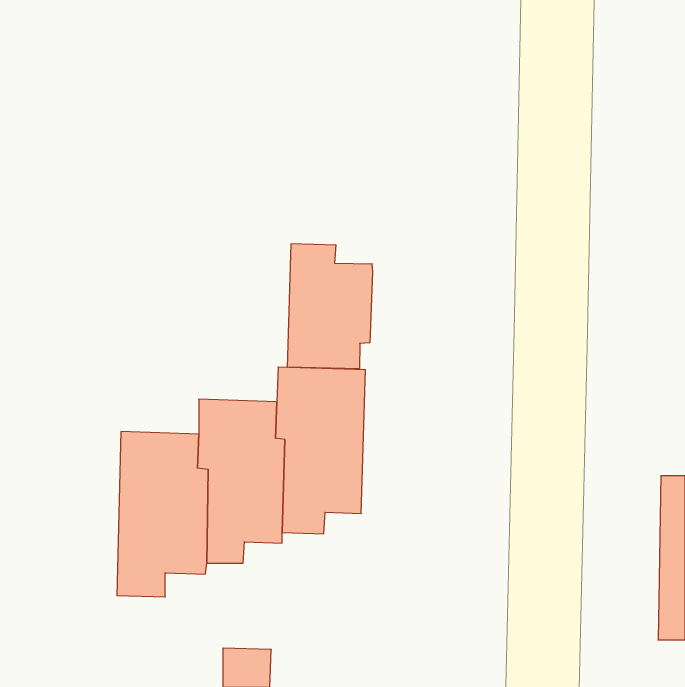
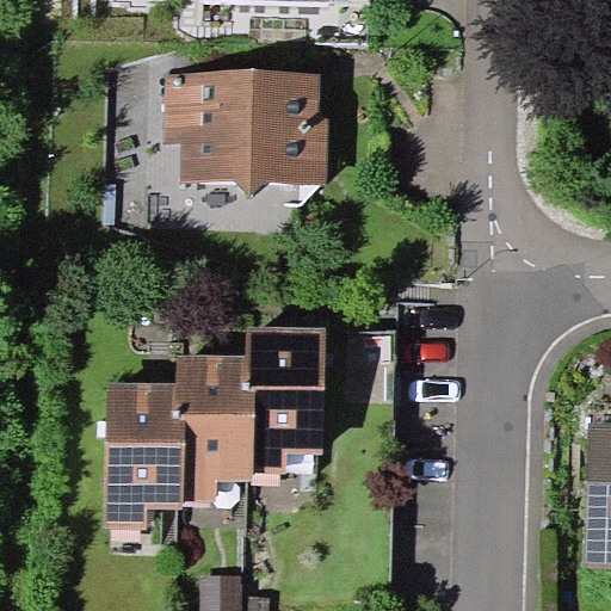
building: none -> [163,70,328,184]
building: [288,244,373,369] -> none

